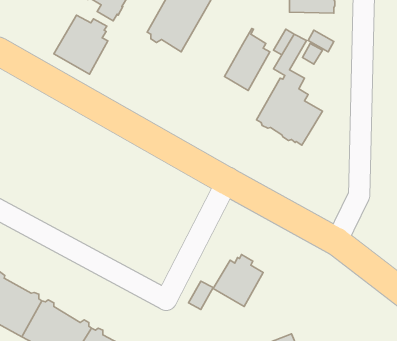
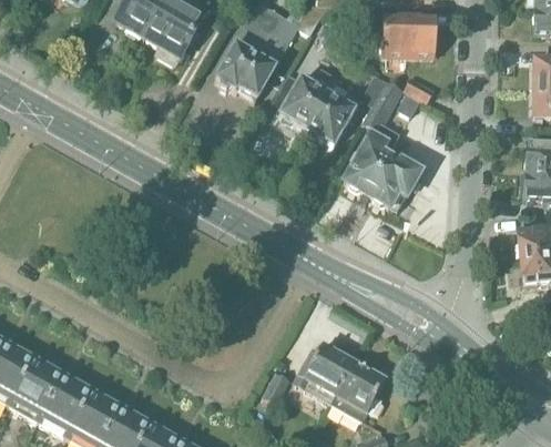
building: [54,15,108,74] -> none
building: none -> [271,62,337,129]
building: none -> [328,359,385,410]

